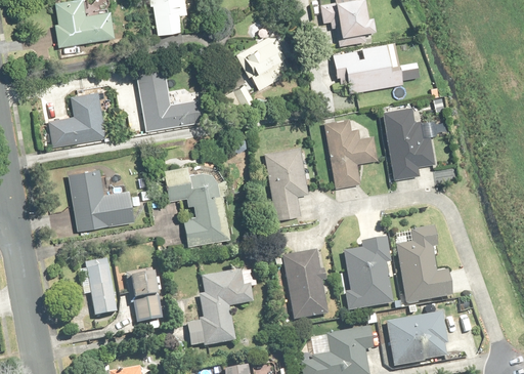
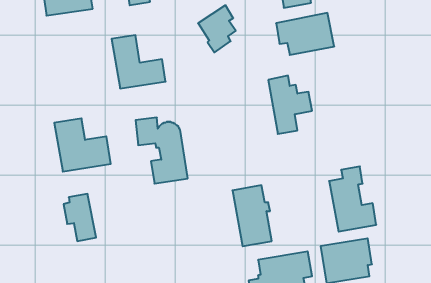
building: [47,91,105,144] -> none
building: [382,107,434,178] -> none
building: [263,147,308,220] -> none
building: [344,237,393,309] -> none
building: [187,269,253,345] -> none
building: [131,272,161,320] -> none

